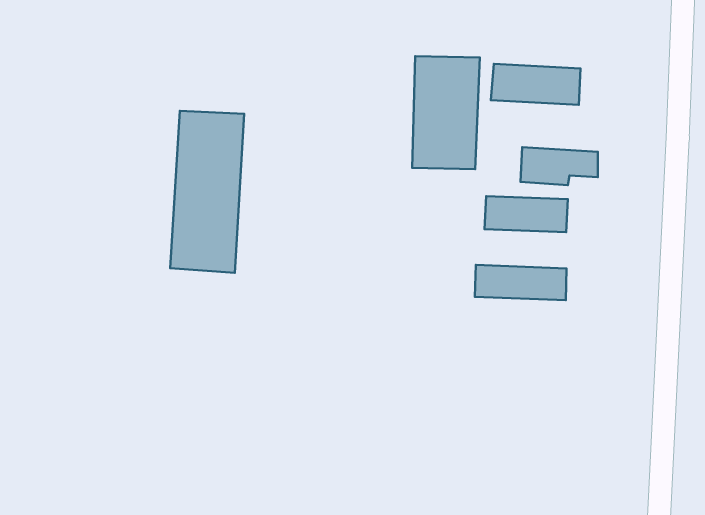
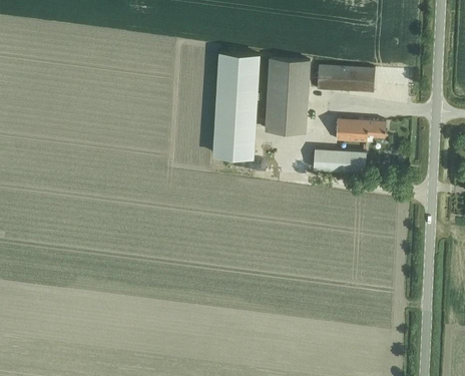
building: [170,111,244,273] -> [212,53,260,156]
building: [475,265,567,300] -> none

